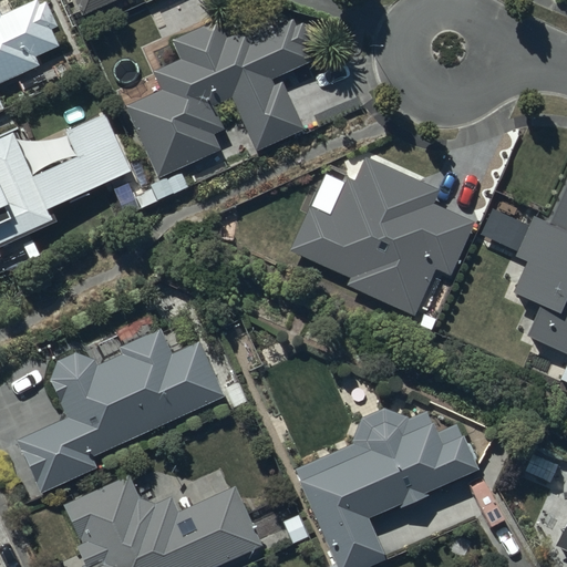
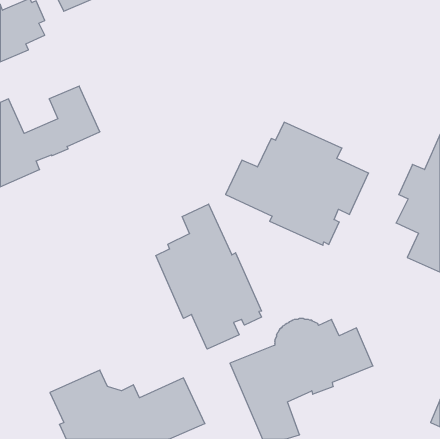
building: [126,19,312,178] -> none
building: none -> [156,204,262,349]
building: [16,328,224,493] -> none

